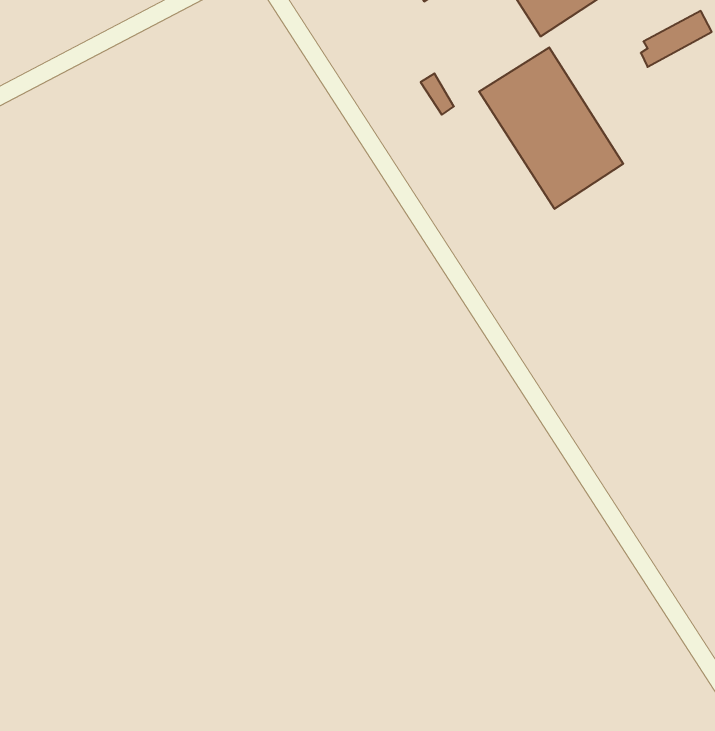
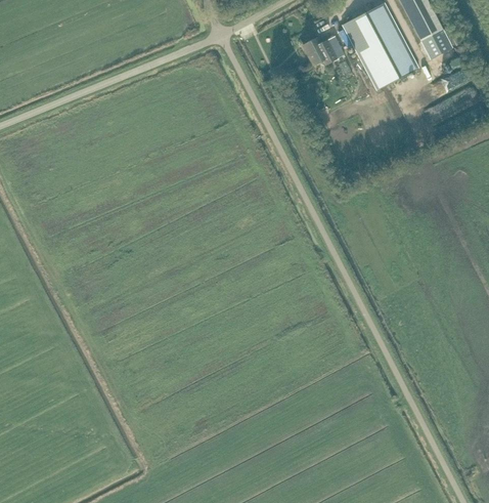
building: [479,47,623,209] -> none

